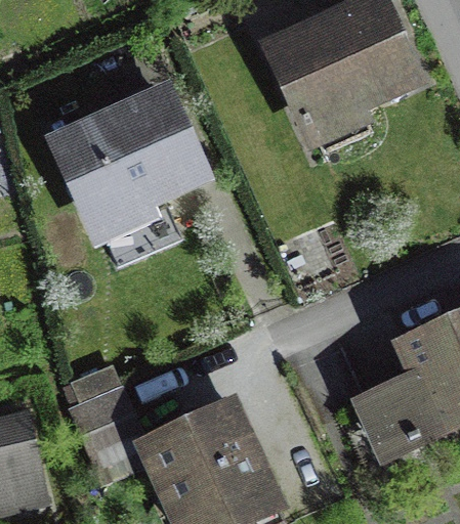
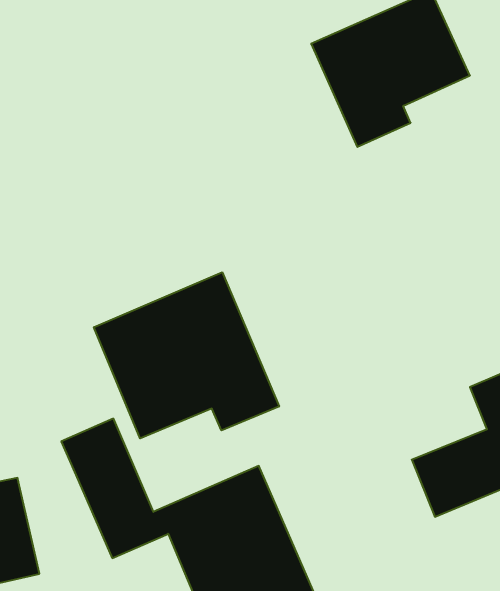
building: [53,89,198,236] -> none
building: none -> [94,272,279,438]

